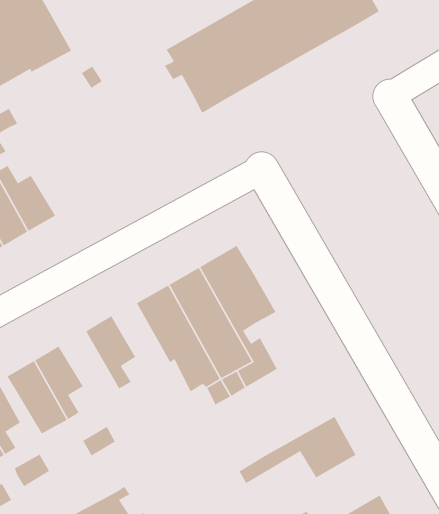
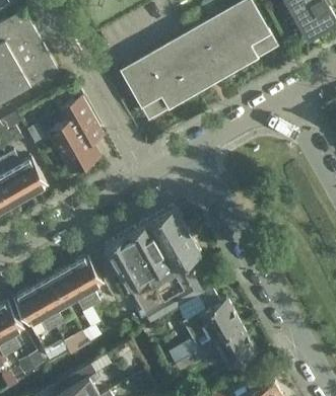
building: none -> [49,98,103,173]
building: none -> [50,267,91,313]
building: none -> [169,299,242,365]

